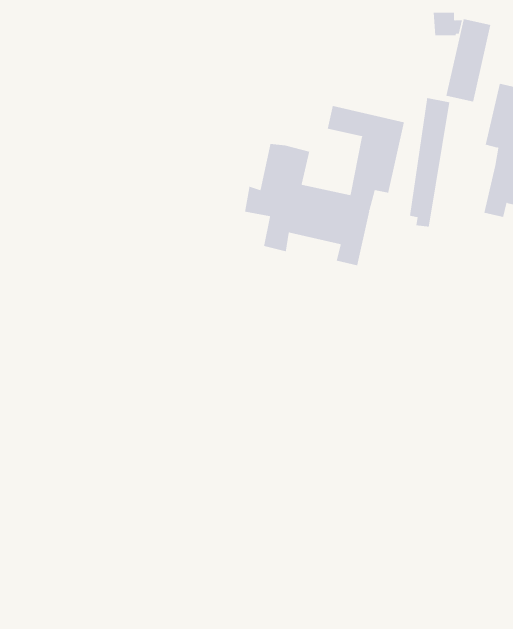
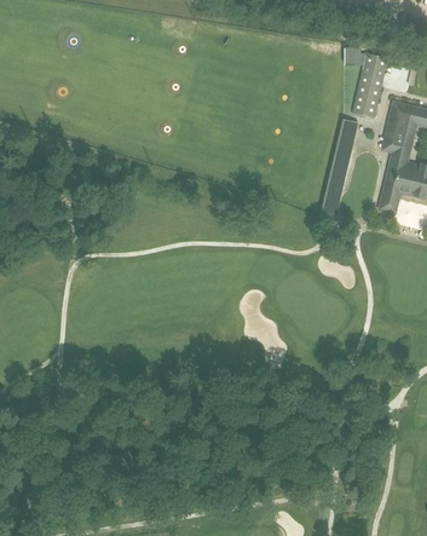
building: [244,105,404,266] -> none

